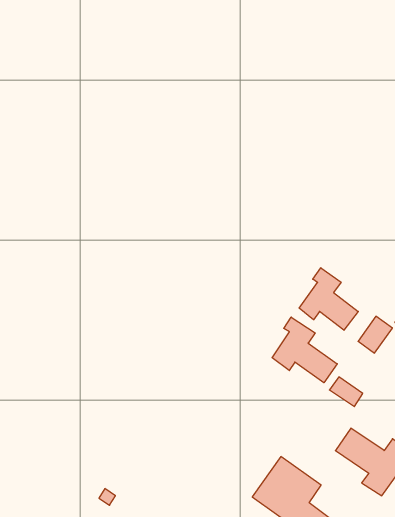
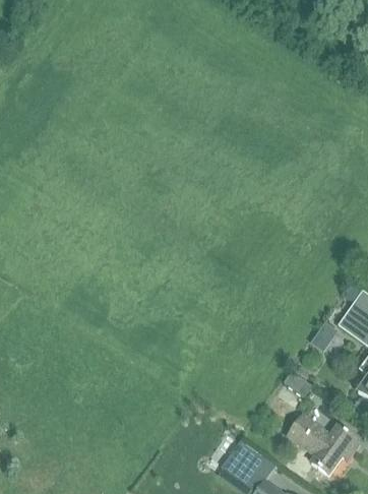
building: [299,268,358,330] -> none
building: [272,317,337,383] -> none

